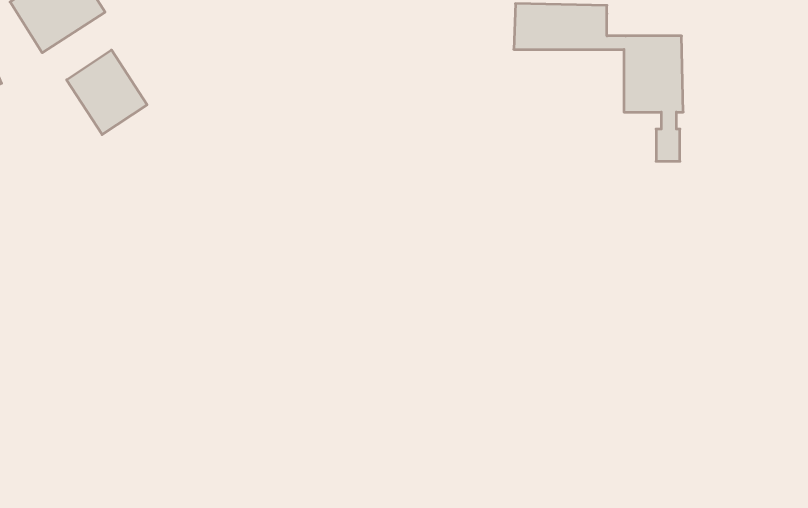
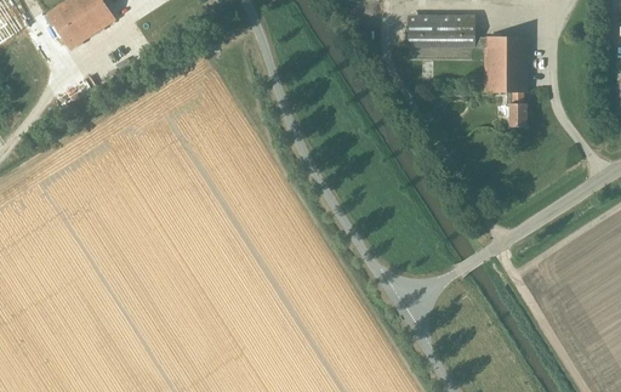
building: [67,50,147,135] -> none

